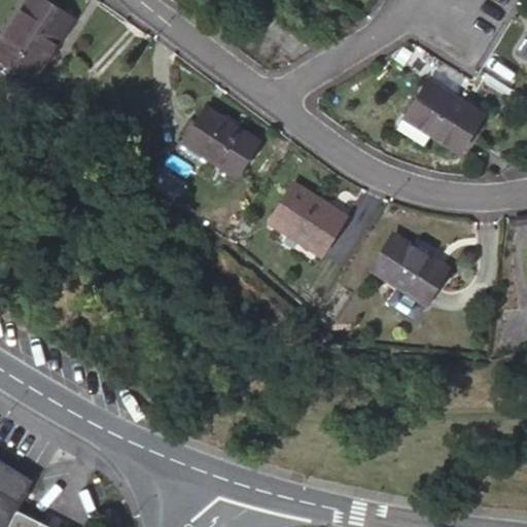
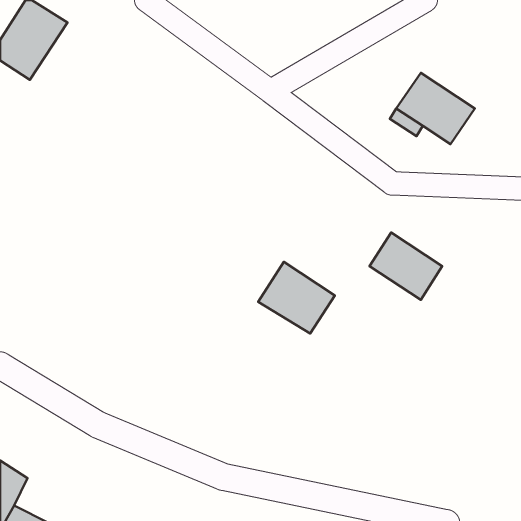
building: [184,105,259,174] -> none
building: [268,183,345,255] -> [258,262,335,333]

